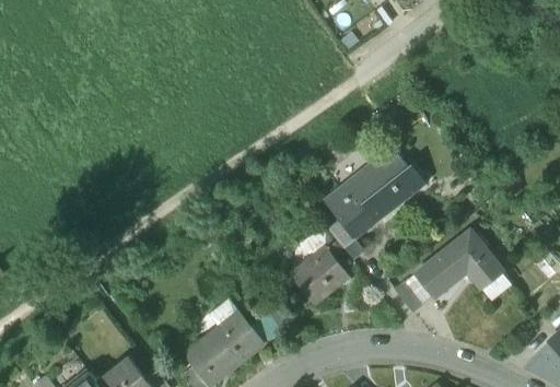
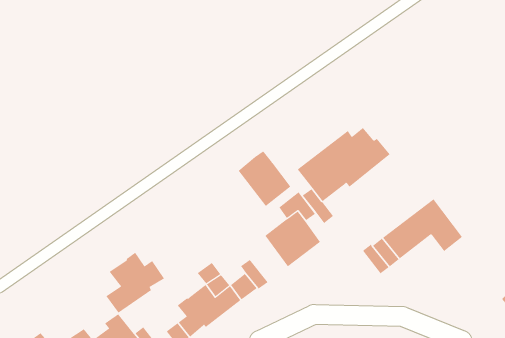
building: none -> [238,150,291,207]
building: none -> [105,252,165,313]

